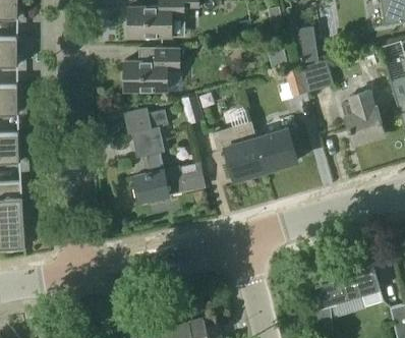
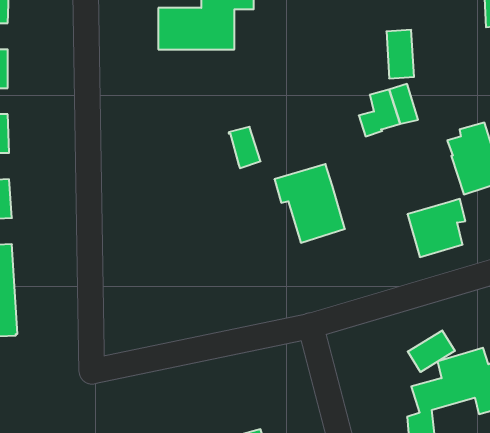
building: [123,48,178,92] -> none
building: [123,109,206,202] -> none
building: [256,127,299,170] -> [407,199,465,257]
building: none -> [408,330,455,372]

